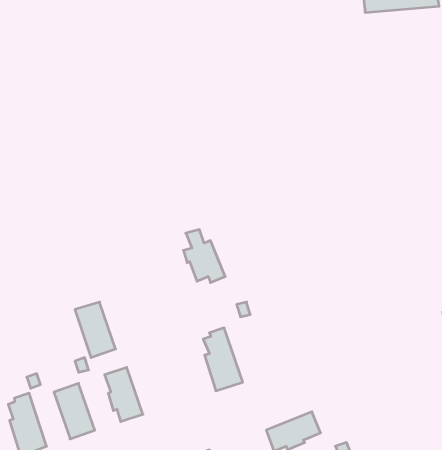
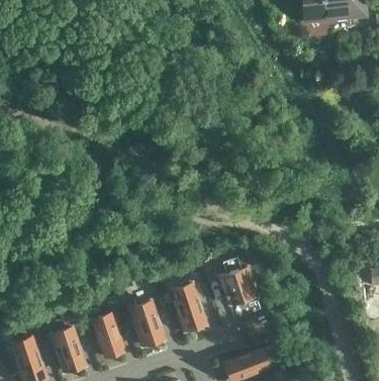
building: [183,230,225,283] -> [219,263,254,306]
building: [75,302,116,358] -> [130,300,164,346]

